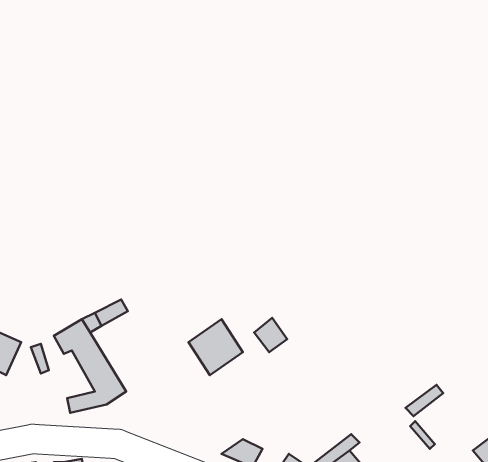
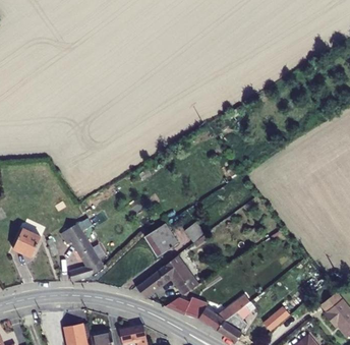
building: none -> [135,257,195,297]

